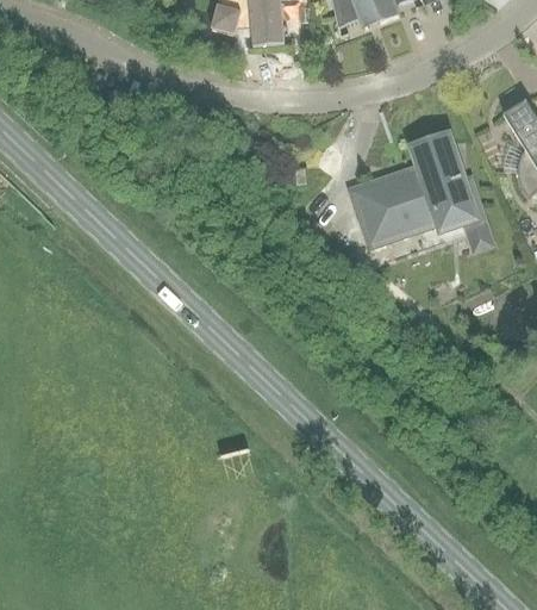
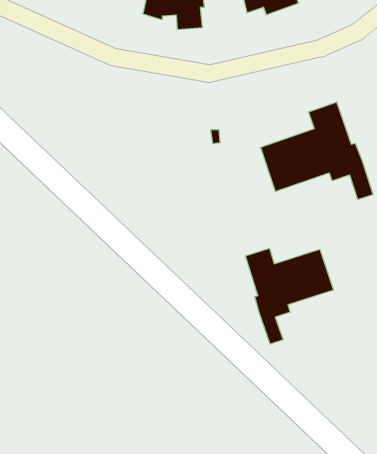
building: none -> [245,248,333,344]

